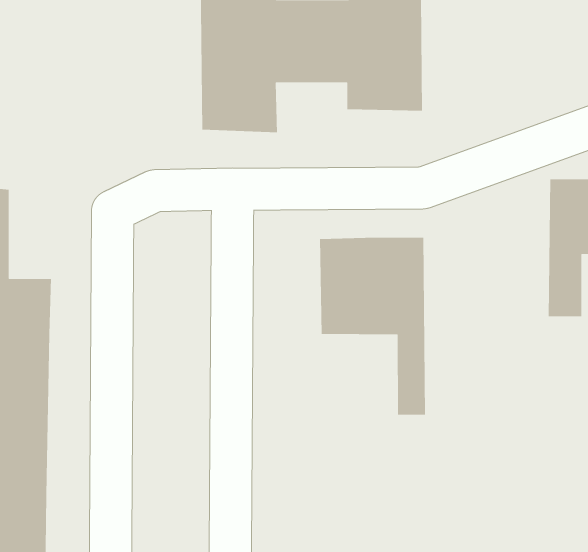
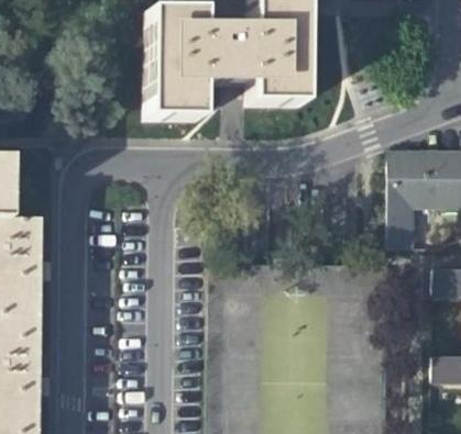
building: [319,237,426,416] -> none

